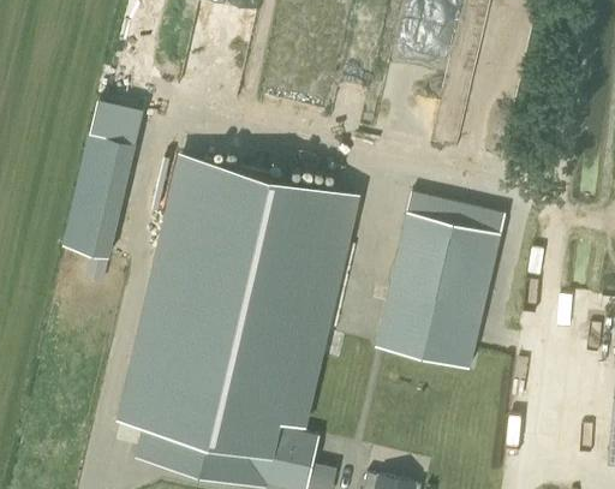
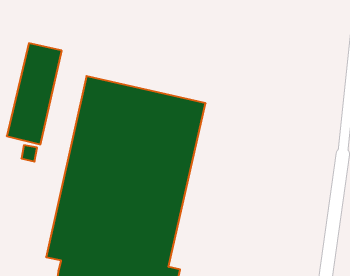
building: [375,192,504,369] -> none

